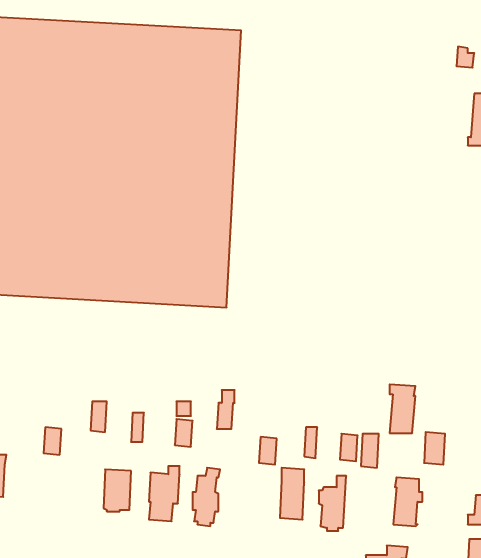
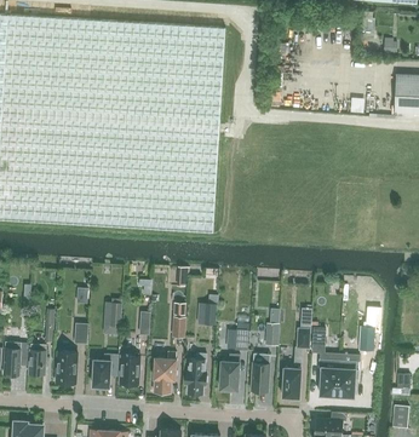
building: [390,384,415,433] -> [318,360,338,396]
building: none -> [56,351,76,386]
building: none -> [90,355,117,391]
building: none -> [219,355,239,392]

